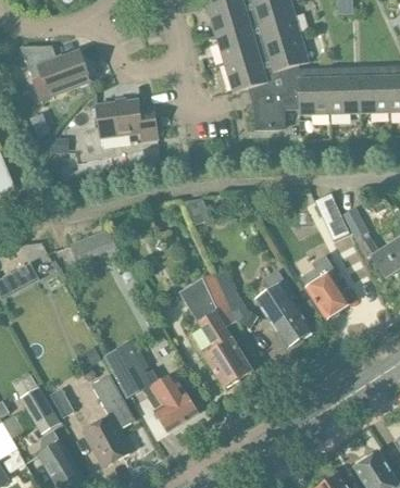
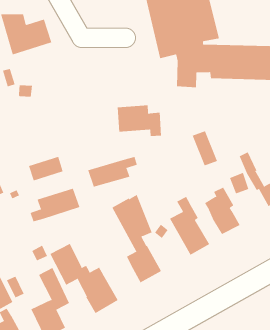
building: [96,100,157,141] -> [117,105,162,137]
building: [313,193,349,240] -> [192,131,218,166]
building: none -> [88,156,138,188]
building: none -> [30,188,80,222]

